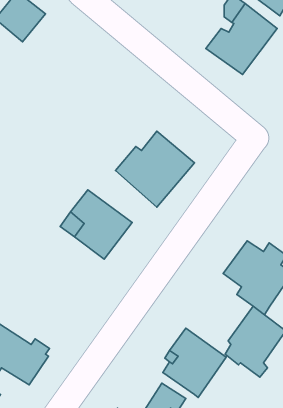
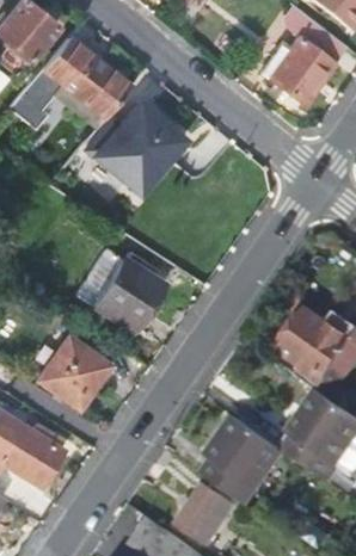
building: none -> [16,37,133,125]
building: [116,131,194,207] -> [87,101,185,196]
building: none -> [38,341,108,410]

